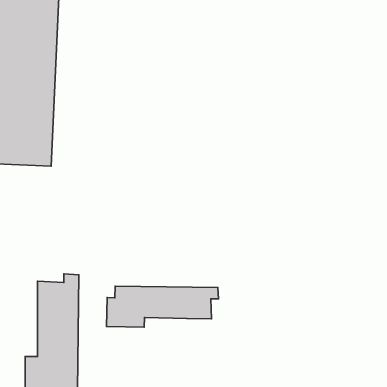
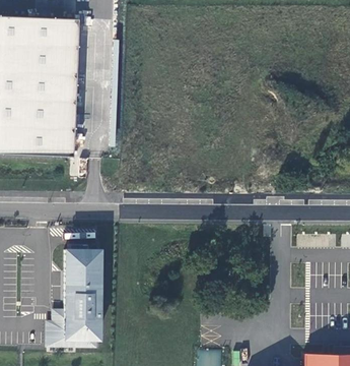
building: [106,286,219,327] -> none

